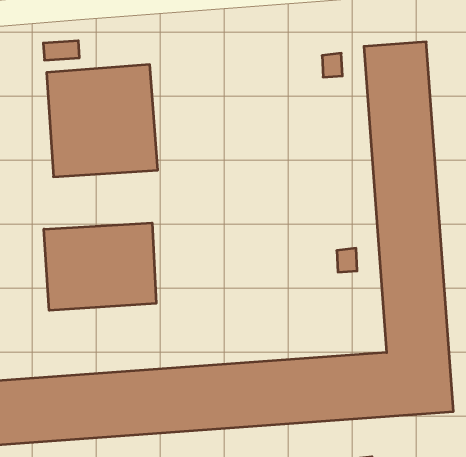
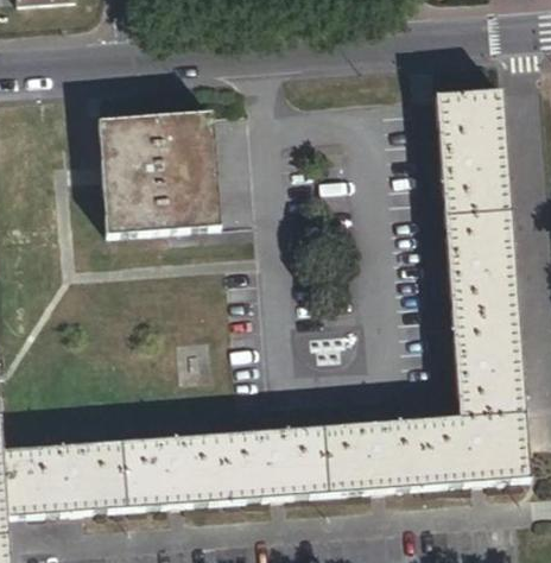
building: [44,223,156,310] -> none

